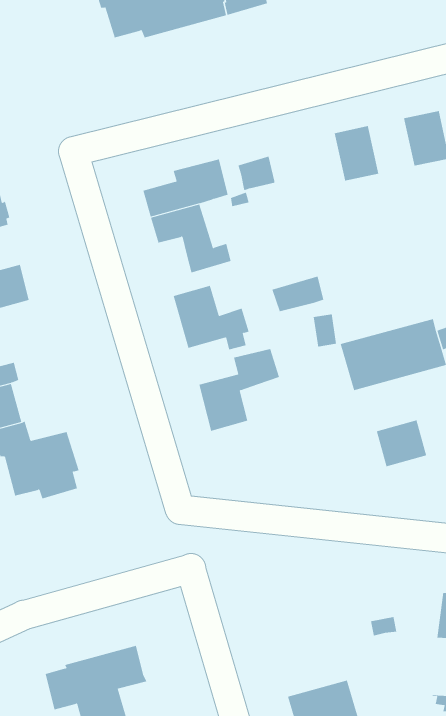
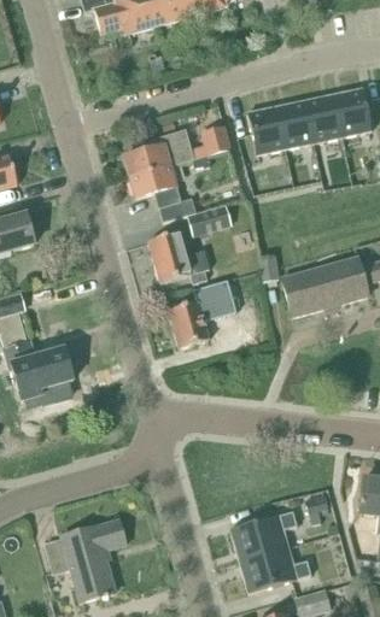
building: none -> [305,96,341,141]
building: none -> [250,108,286,153]
building: [272,276,324,312] -> [188,205,230,234]
building: [376,420,427,467] -> none
building: none -> [230,513,288,559]

